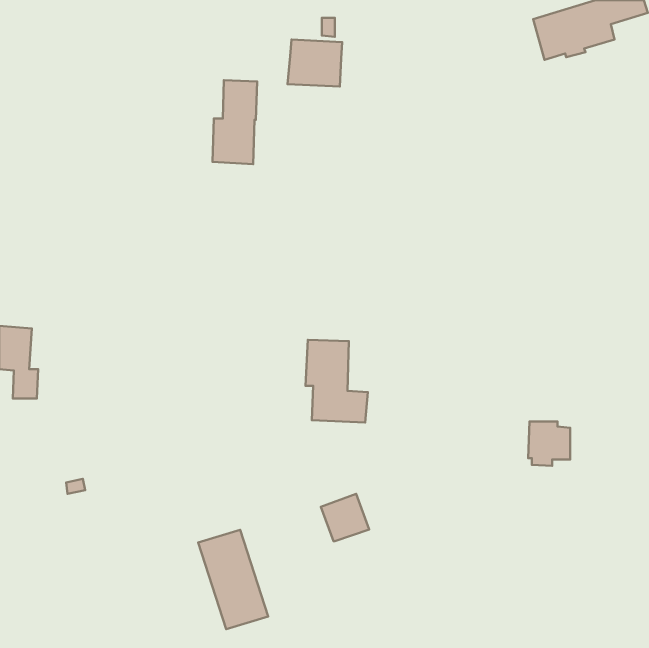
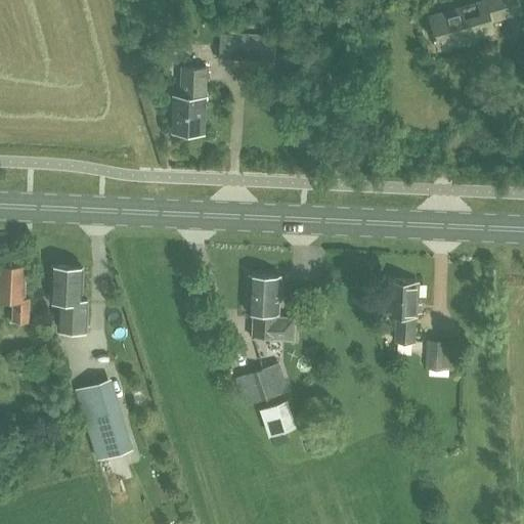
building: none -> [51,266,87,333]
building: none -> [387,281,416,344]
building: none -> [248,363,288,402]
building: [198,530,268,629] -> [76,381,132,461]

